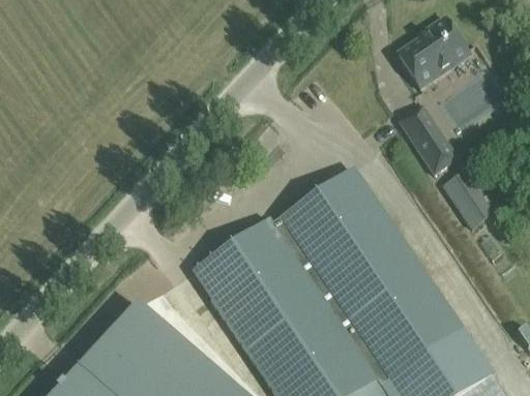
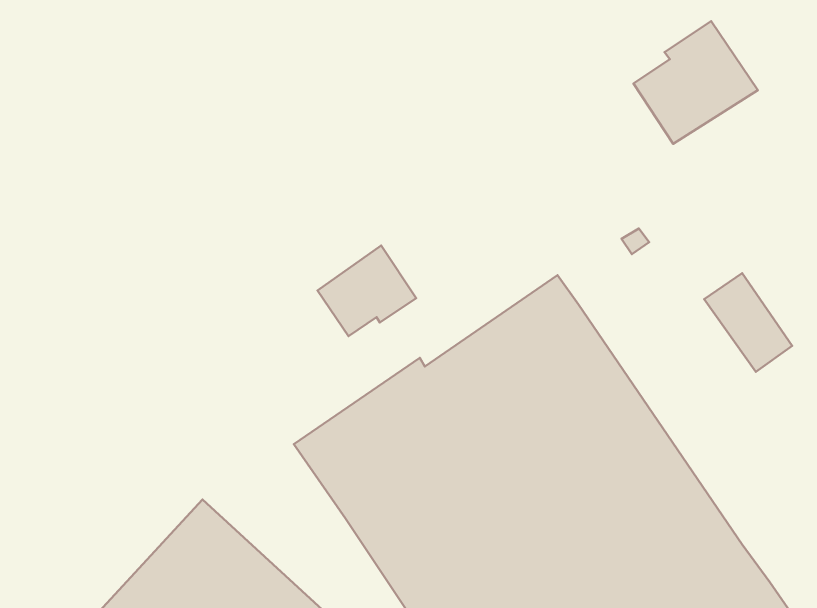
building: [401,108,457,174] -> none
building: none -> [317,245,416,336]

